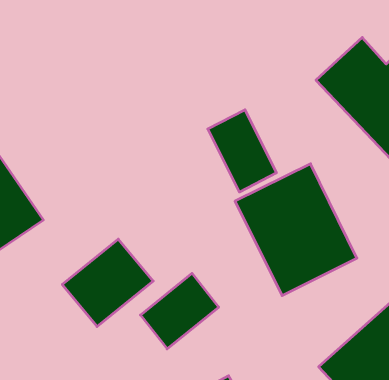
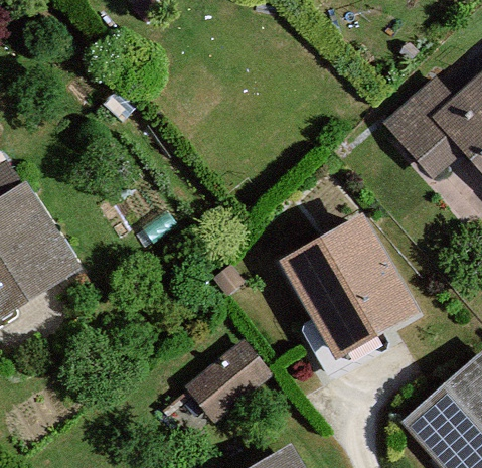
building: [208,110,276,192] -> none
building: [62,239,153,327] -> none

